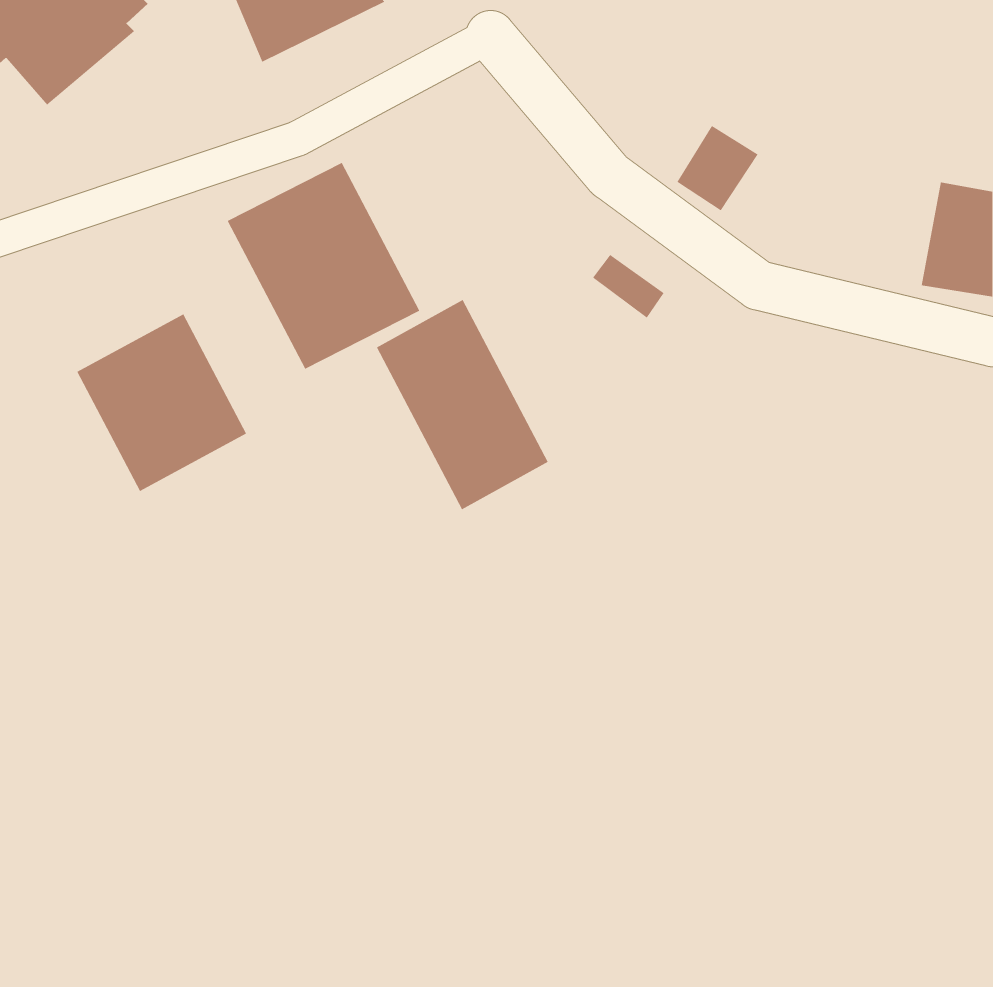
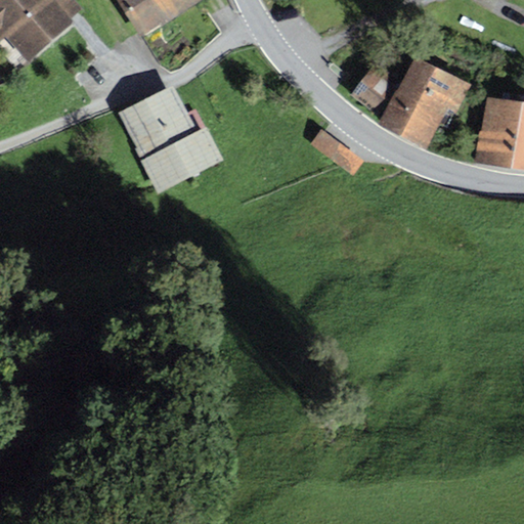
building: none -> [383,56,455,136]
building: [376,299,549,510] -> none
building: [77,314,247,492] -> none

